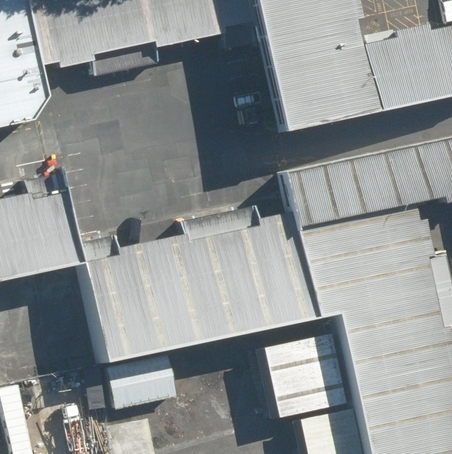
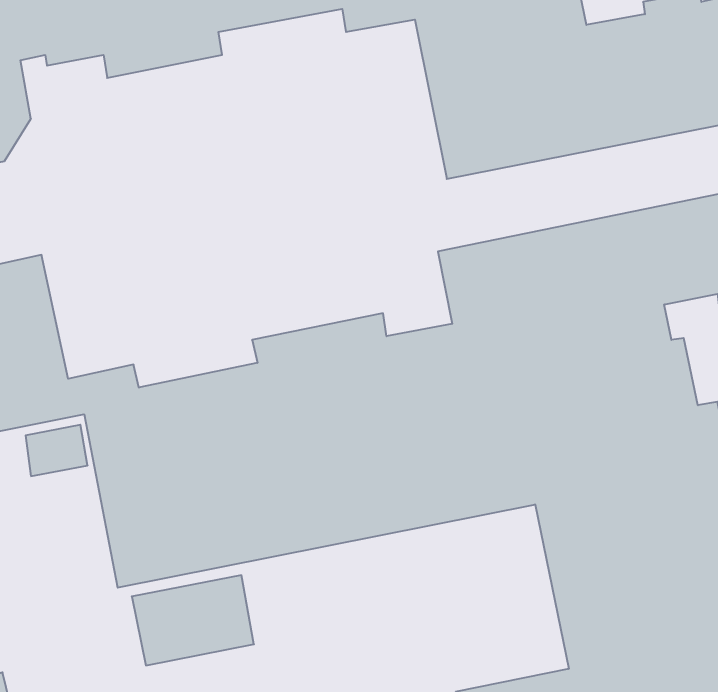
building: [257,334,344,417] -> none

